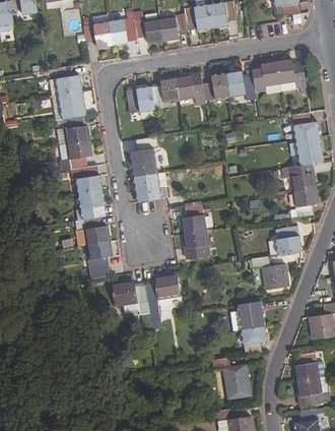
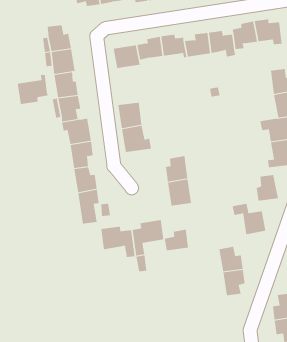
building: none -> [17,74,49,105]
building: none -> [164,229,189,251]
building: [212,358,251,398] -> none

